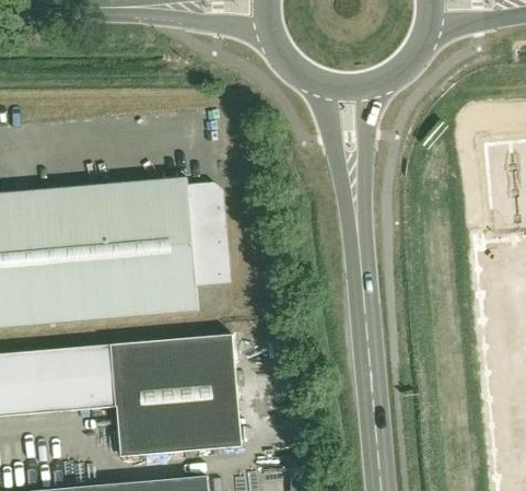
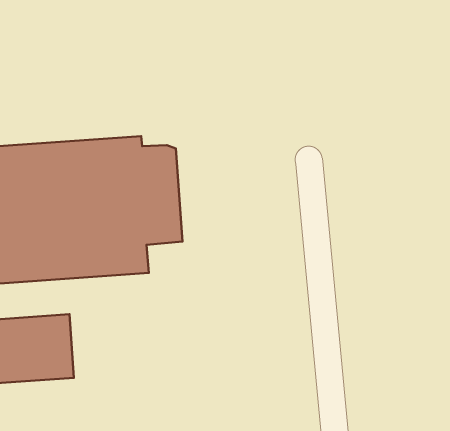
building: [116,339,239,456] -> none

